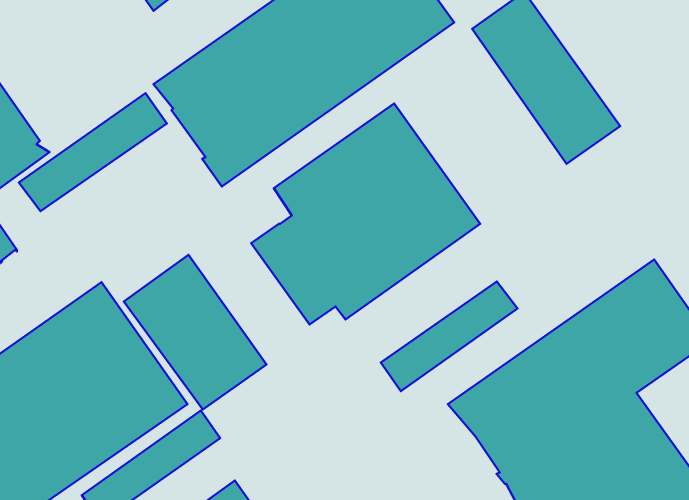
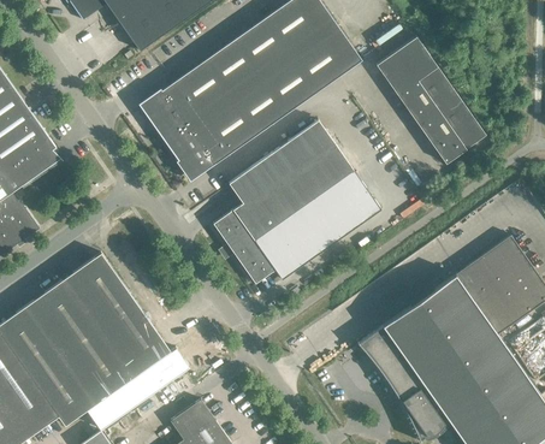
building: [19,93,167,211] -> none
building: [124,255,267,410] -> none
building: [381,281,517,391] -> none

